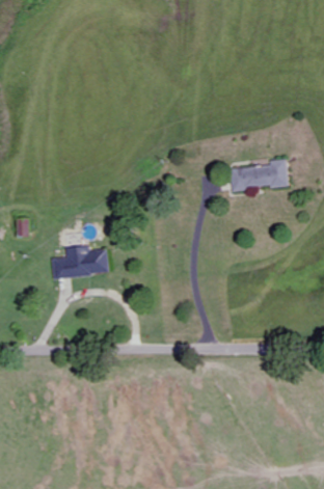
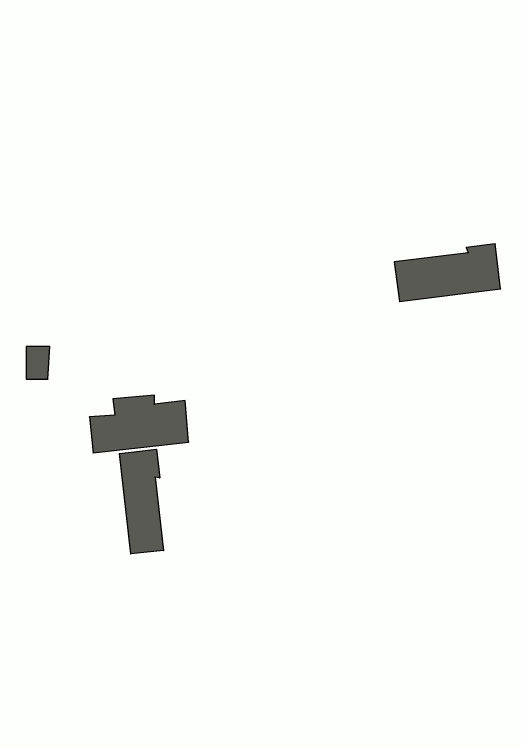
building: none -> [119,449,164,554]

